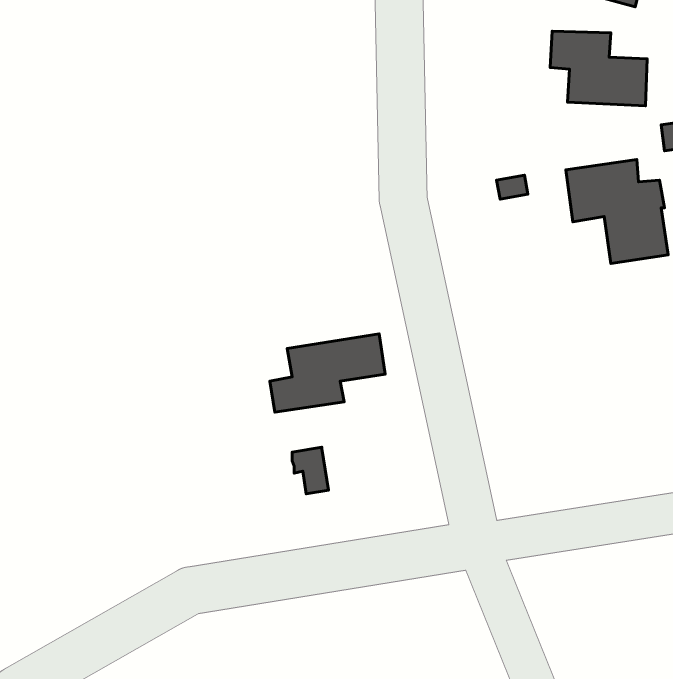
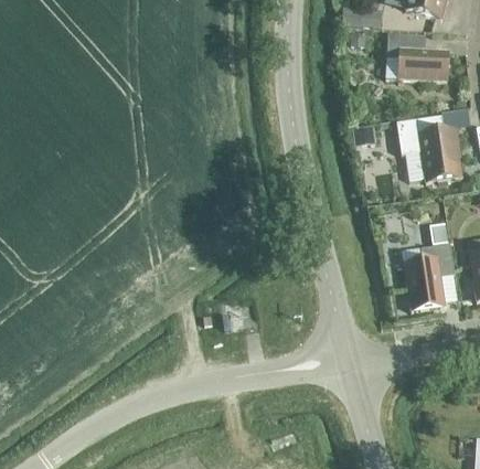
building: [270,334,385,412] -> none
building: none -> [403,243,454,310]

